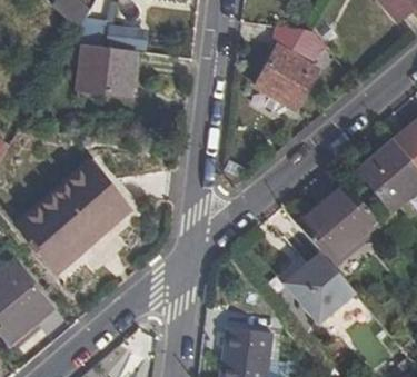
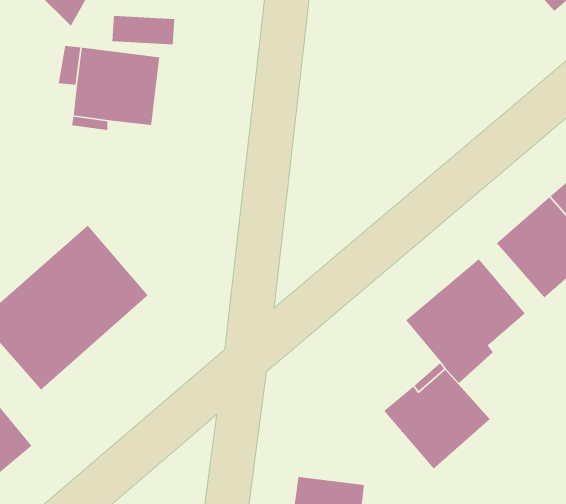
building: [256,24,321,109] -> none

